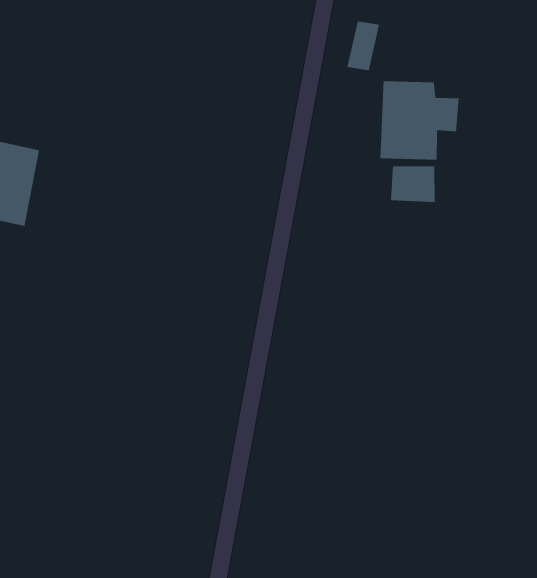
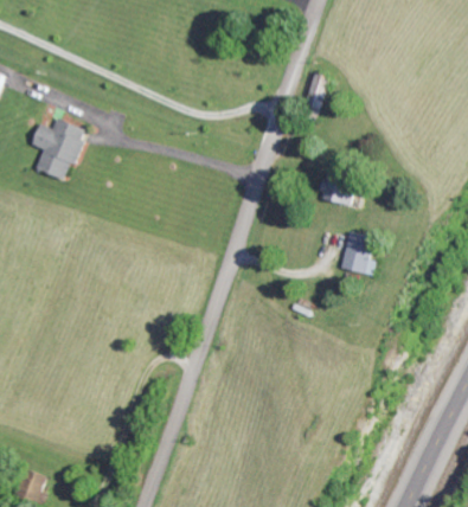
building: [380,81,459,160] -> none
building: none -> [338,232,373,276]

